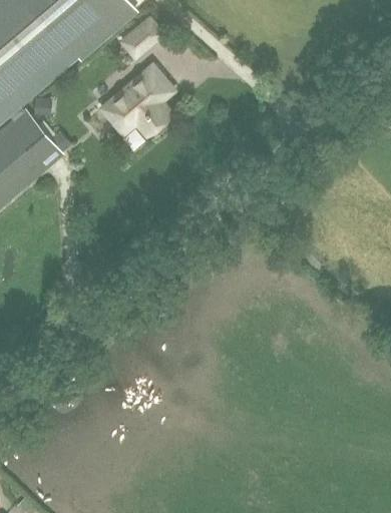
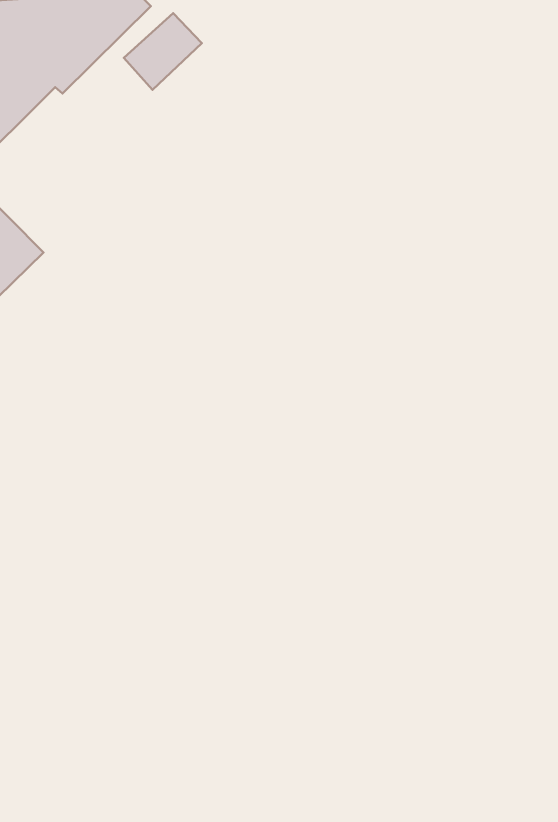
building: [102,66,170,135] -> none

